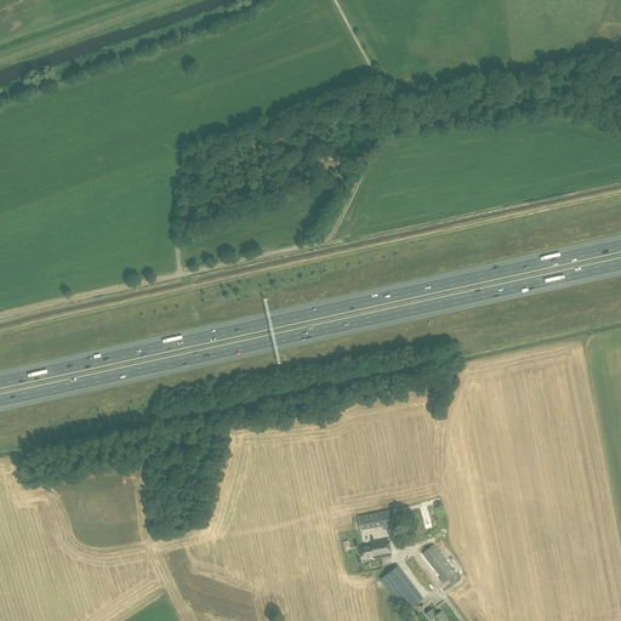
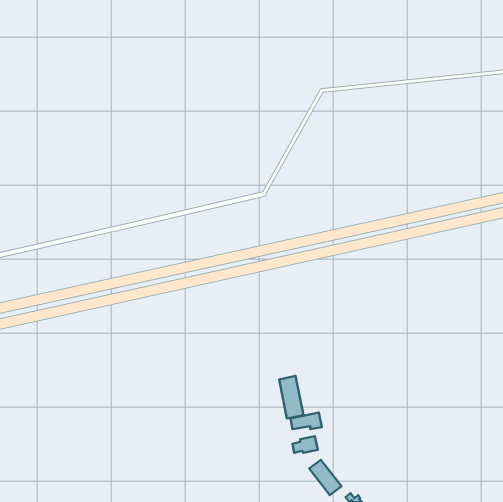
building: none -> [279,376,303,419]
building: [421,543,460,583] -> none

